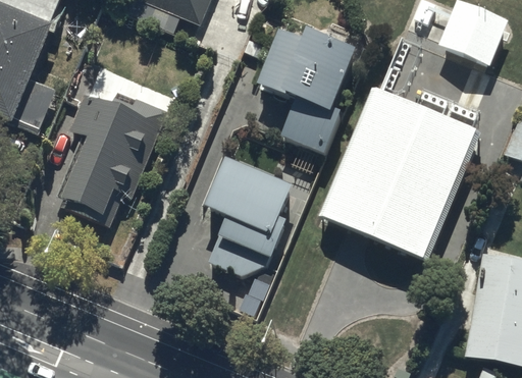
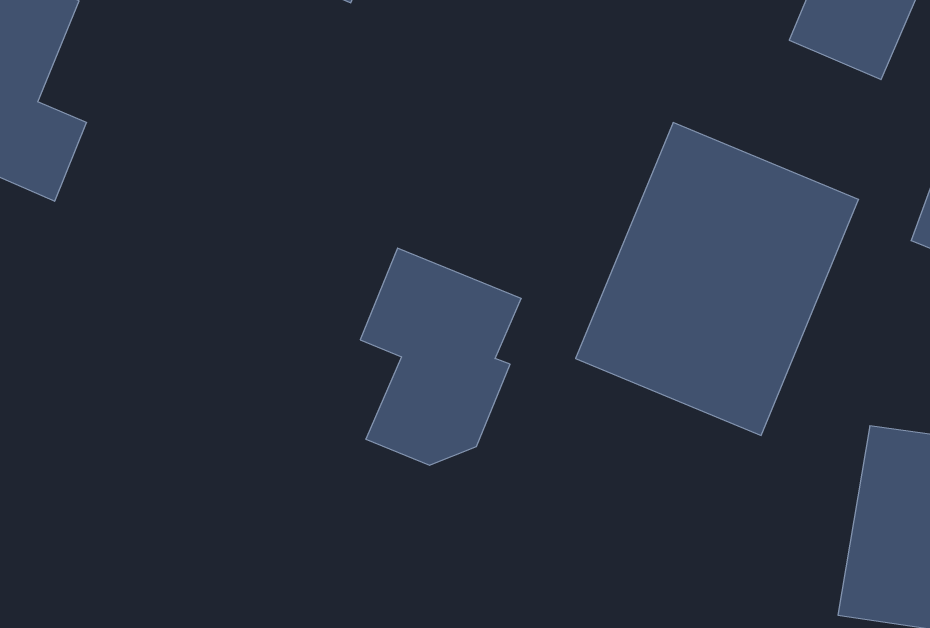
building: [257,28,355,152] -> none
building: [63,92,167,224] -> none

